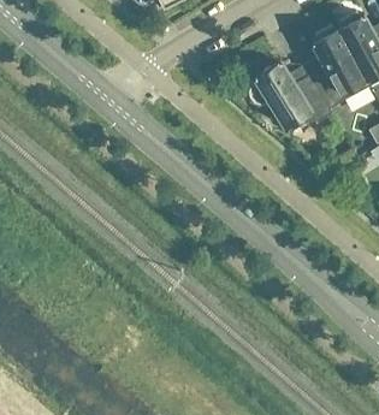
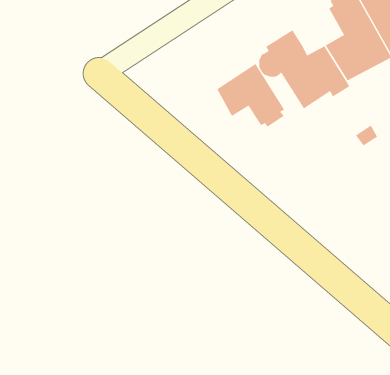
building: none -> [216,63,285,127]

